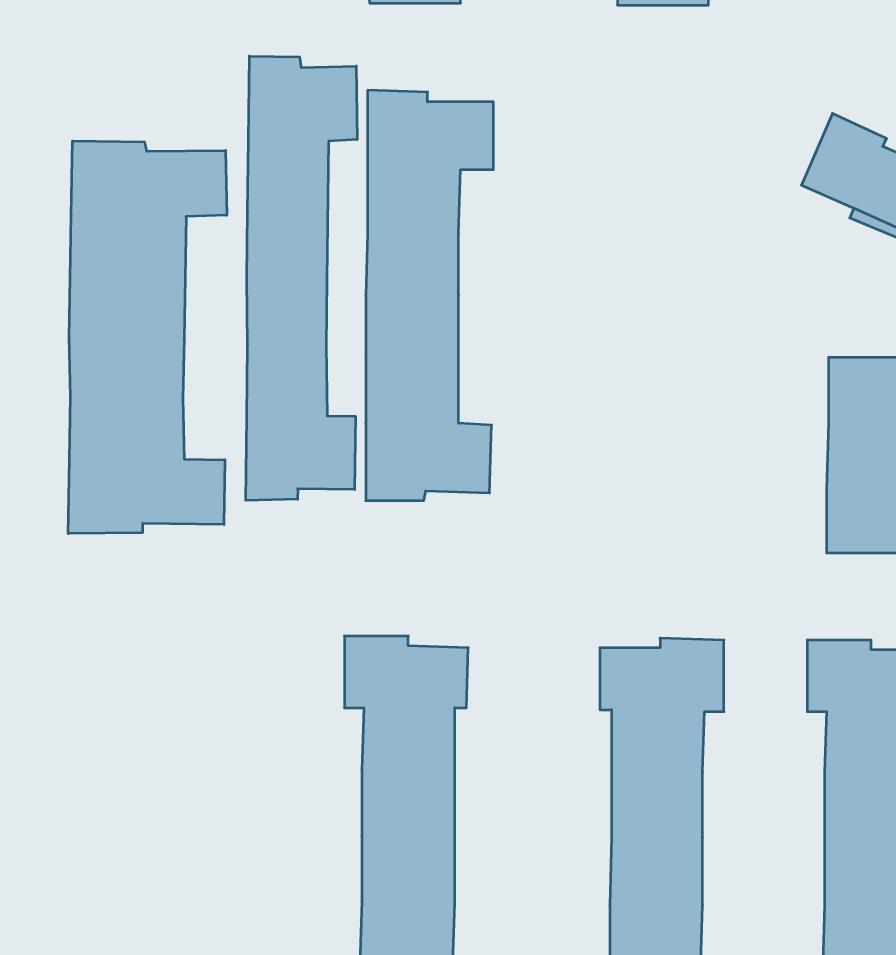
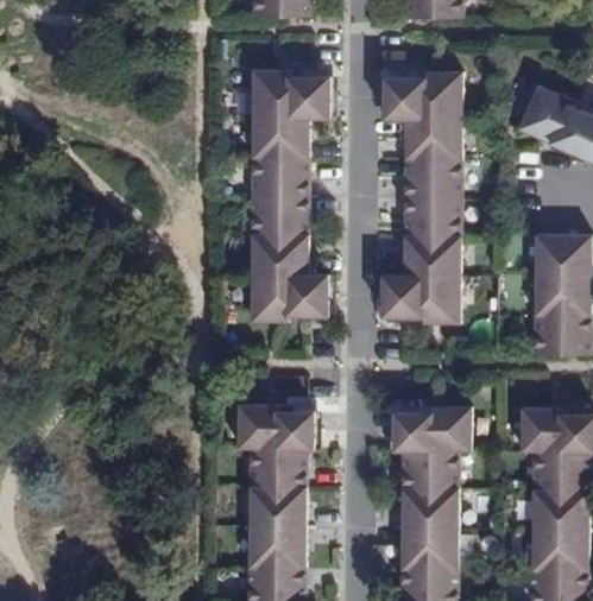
building: [246,56,357,500] -> none
building: none -> [383,70,461,322]
building: [68,141,227,534] -> none

